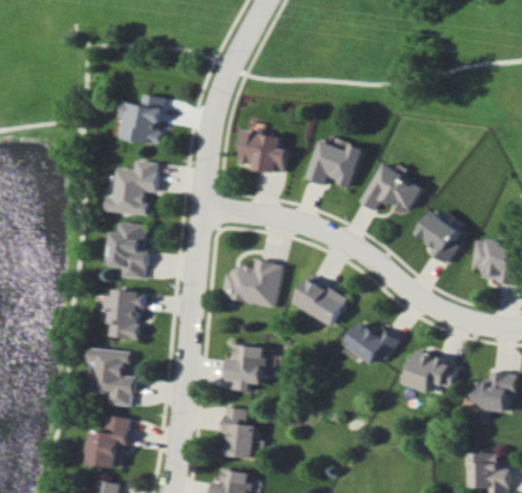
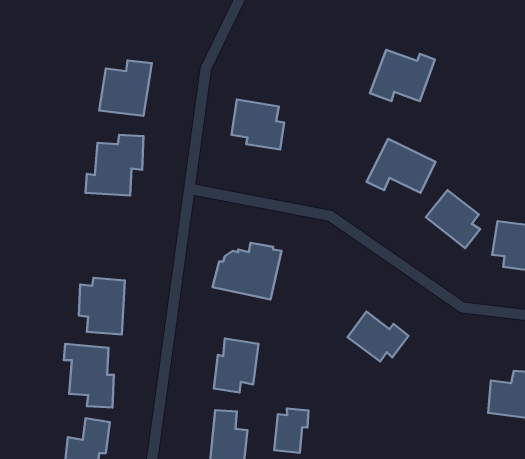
building: [303,140,361,186] -> [370,50,435,101]
building: [112,222,149,278] -> none
building: [292,272,348,324] -> none
building: [399,349,458,395] -> none
building: none -> [274,408,309,453]

